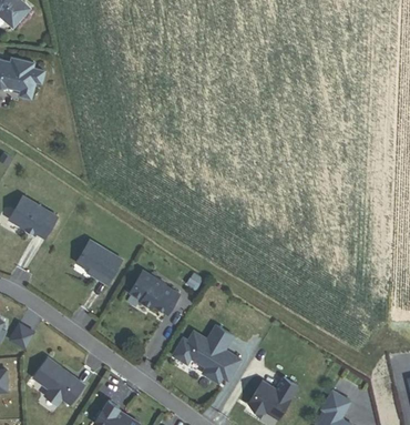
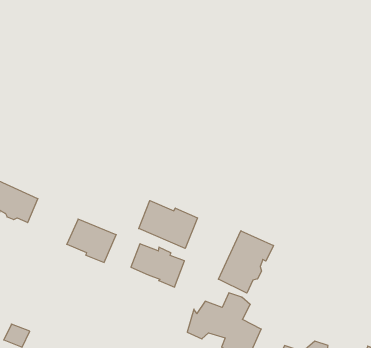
building: none -> [139,201,198,248]
building: none -> [218,231,273,293]

